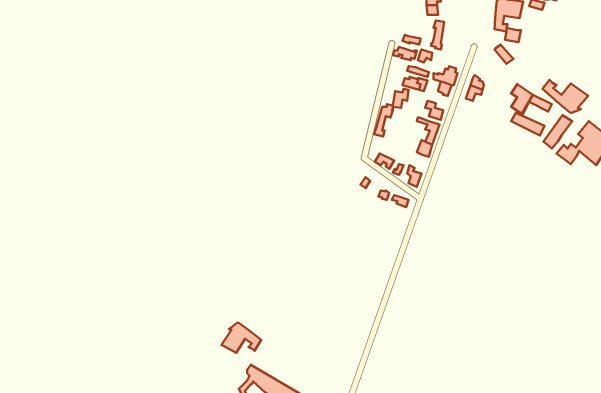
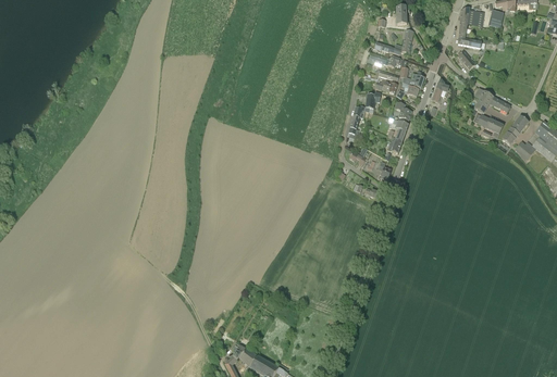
building: [543,80,588,113] -> none
building: [222,323,261,353] -> none

